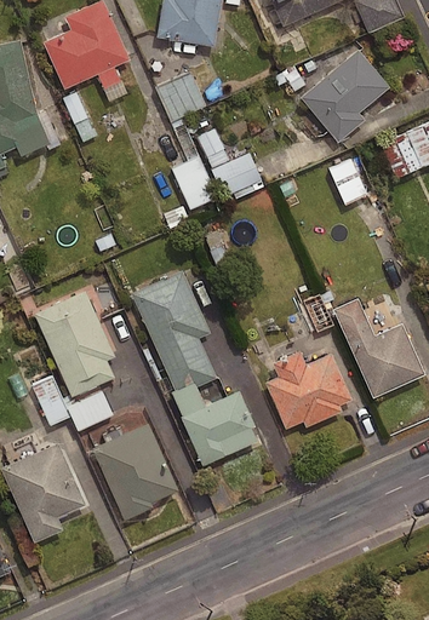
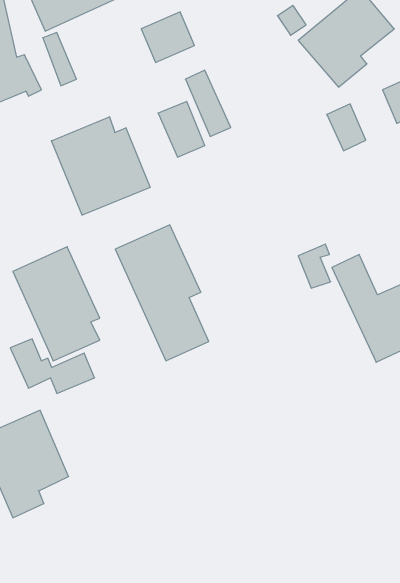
building: none -> [51,117,150,215]
building: [265,351,353,430] -> none
building: [182,392,254,465] -> none
building: [92,423,179,519] -> none

